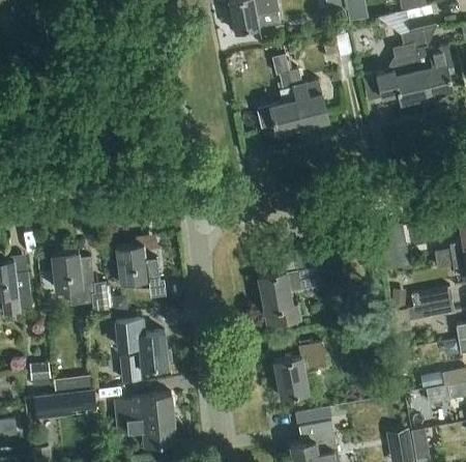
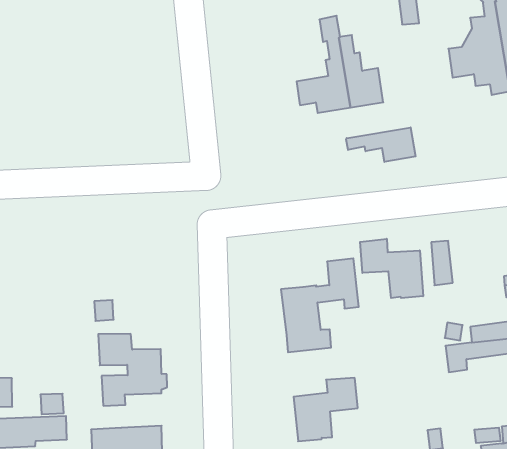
building: none -> [346,127,416,162]
building: none -> [360,239,423,298]
building: [117,244,161,287] -> none
building: [53,252,109,315] -> none

